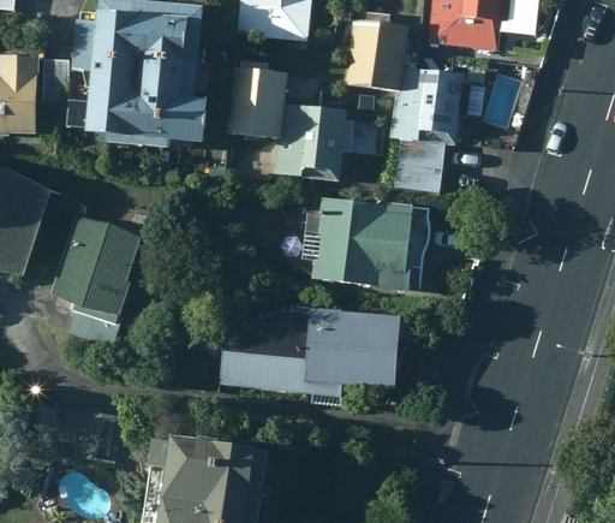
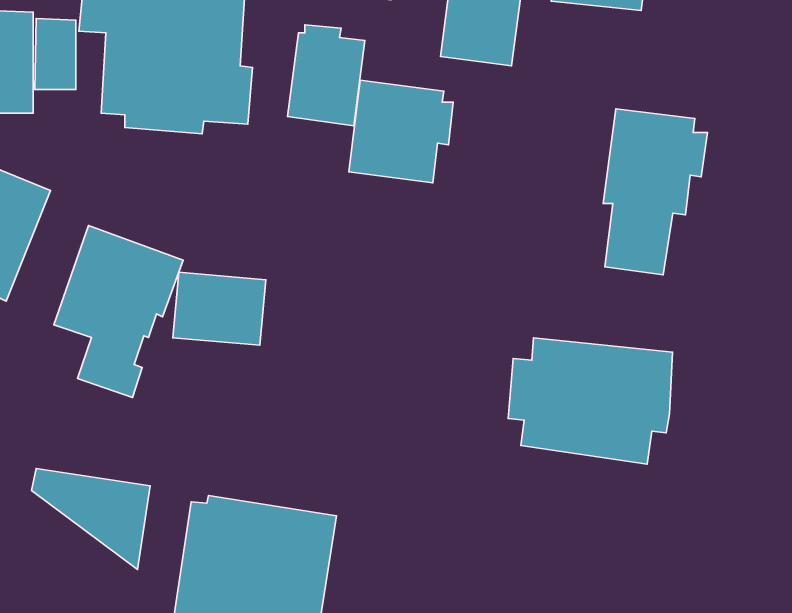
building: [394,67,473,194] -> [603,109,708,275]
building: [303,198,428,295] -> [508,338,673,464]
building: none -> [173,272,266,345]
building: [220,309,398,396] -> none

